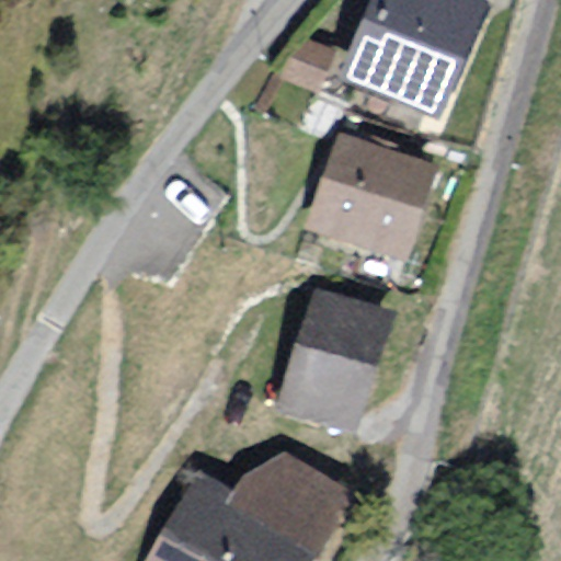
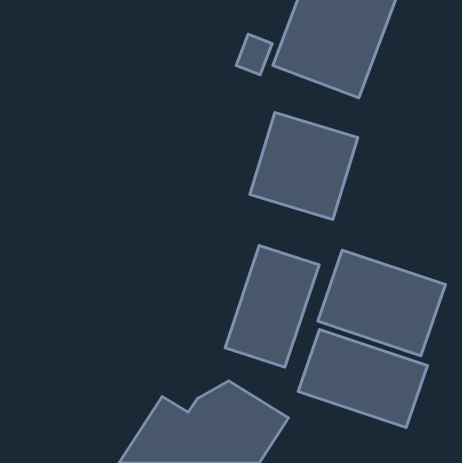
building: none -> [318,250,445,356]
building: none -> [298,330,427,427]

